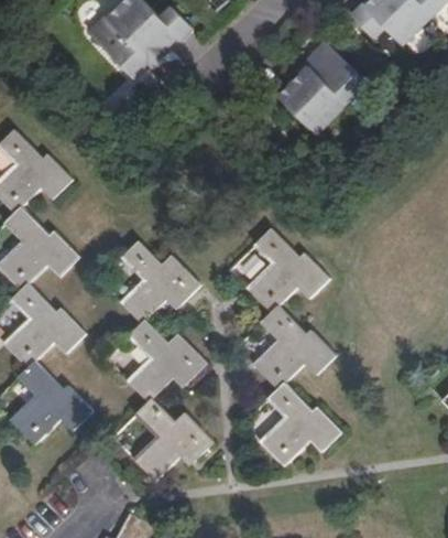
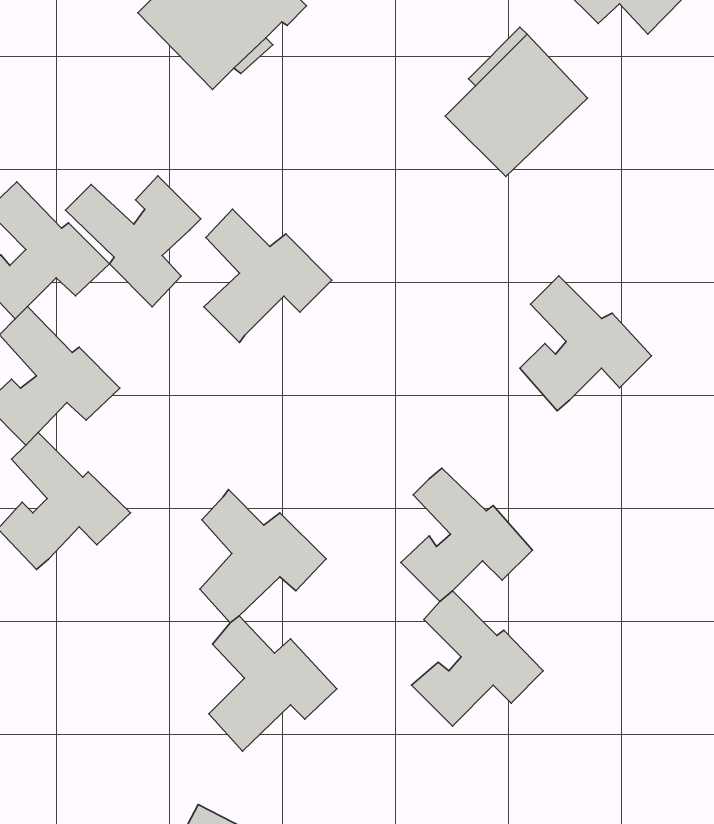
building: none -> [66,176,201,307]
building: [247,229,328,313] -> [520,276,651,411]
building: [120,241,199,324] -> [204,209,332,342]
building: [9,363,90,445] -> none

